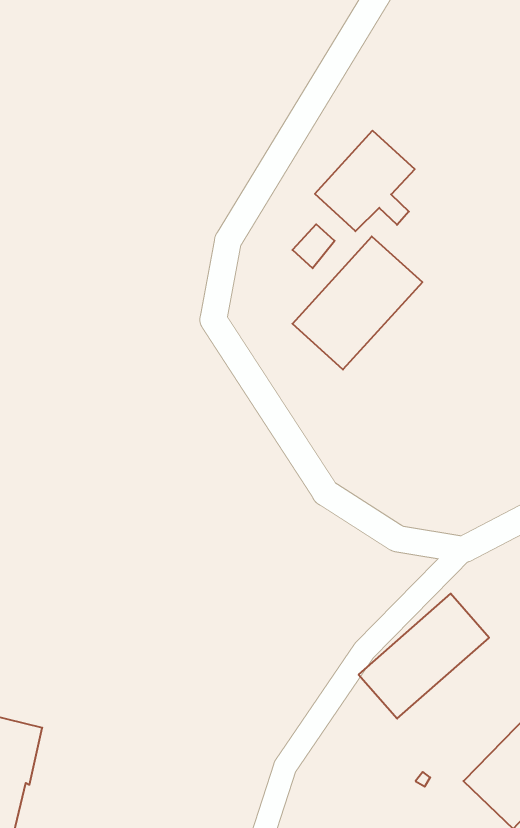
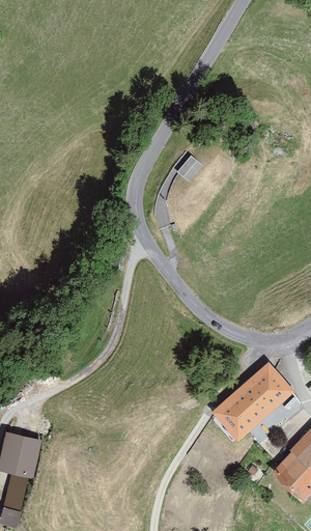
building: [315,131,415,231] -> none
building: [292,236,422,370] -> none

